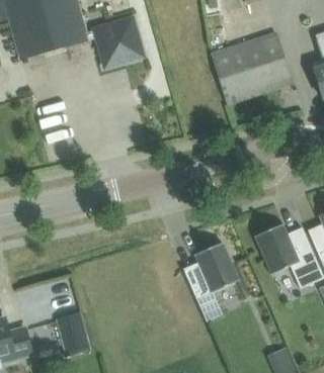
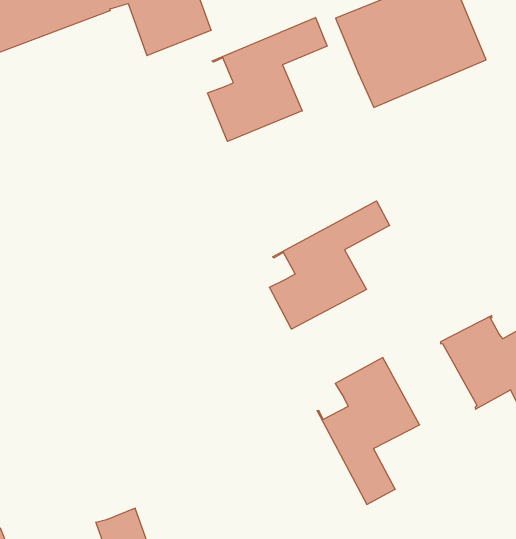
building: none -> [208,17,327,141]
building: none -> [269,201,390,329]

